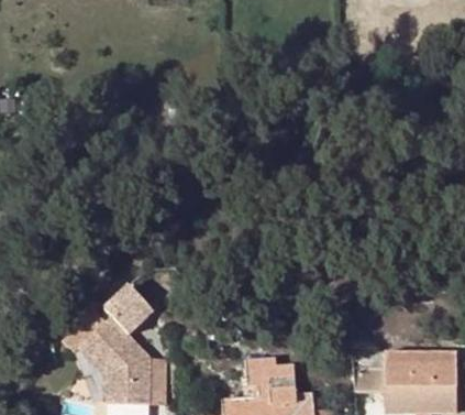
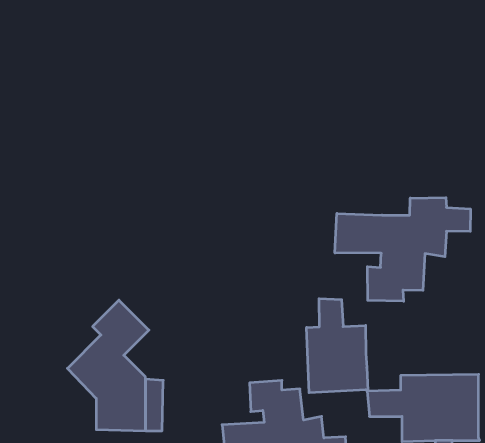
building: none -> [335,198,470,301]
building: none -> [307,299,368,393]

